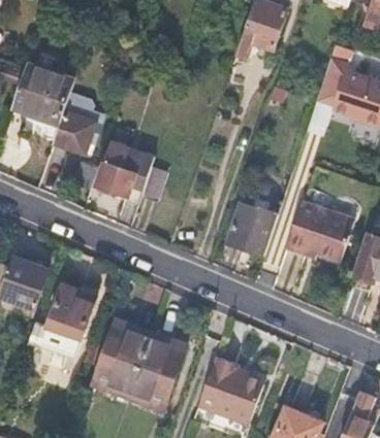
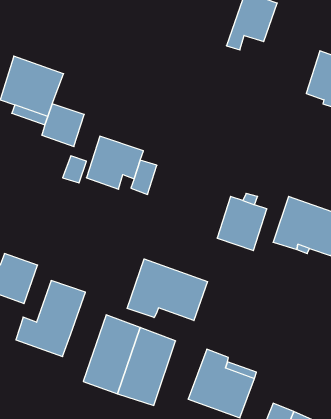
building: none -> [127,259,208,321]

